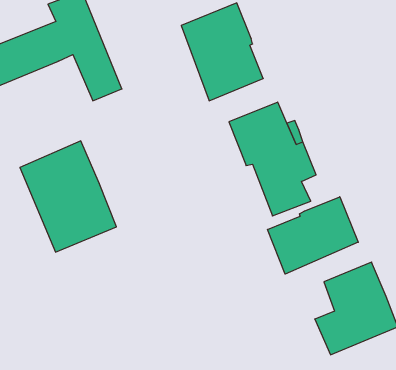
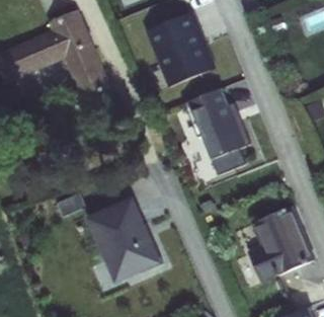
building: [20,141,116,252] -> [86,201,160,286]
building: [268,197,358,274] -> none

